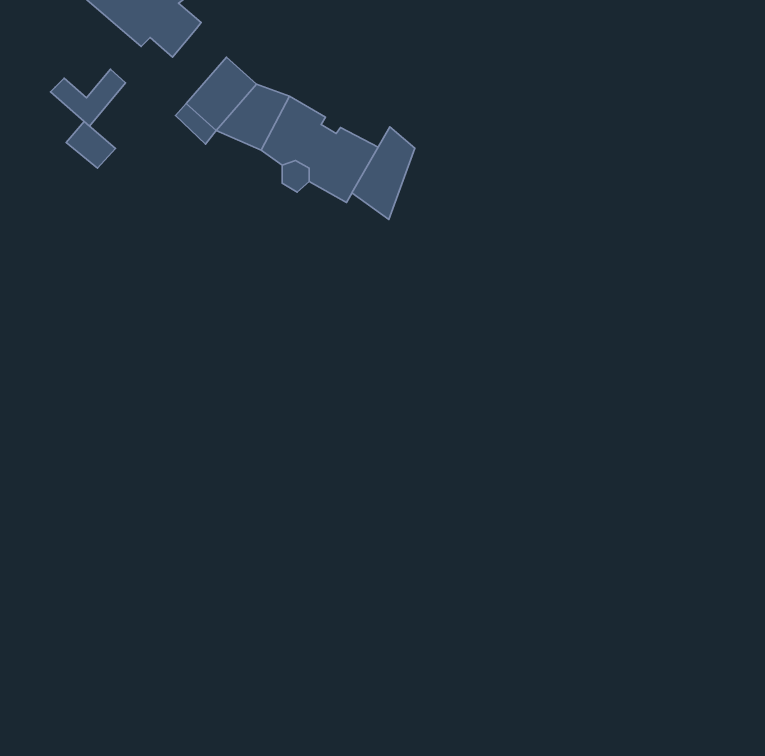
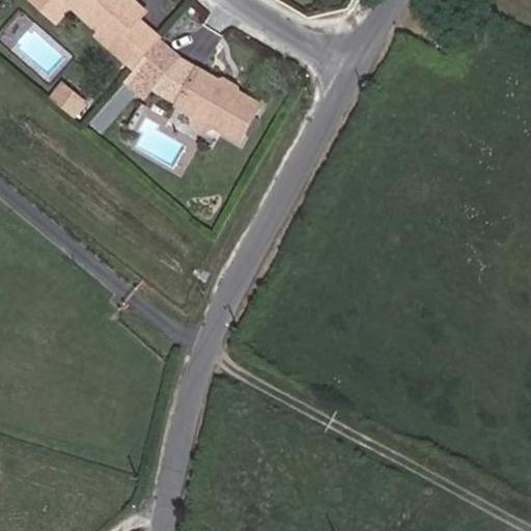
building: [51,69,126,126] -> [95,20,147,59]
building: [352,127,415,220] -> none

